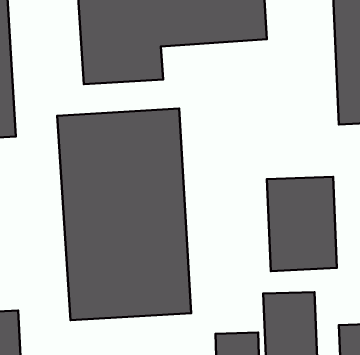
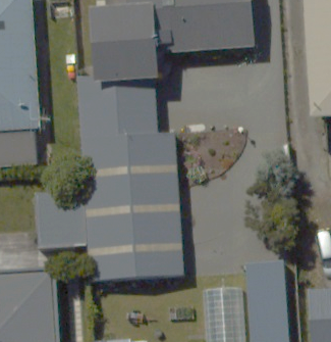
building: [267,177,337,271] -> none

